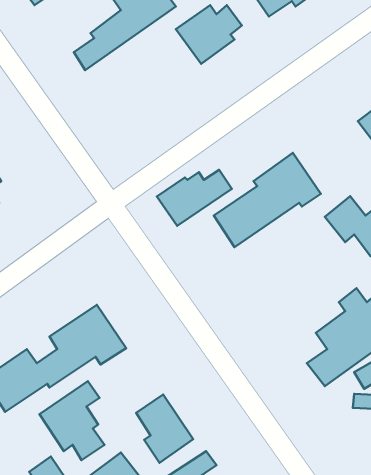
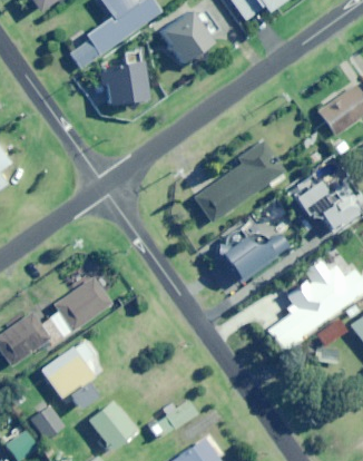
building: none -> [101,60,148,104]
building: [157,170,232,226] -> [222,229,287,278]
building: [136,395,193,463] -> none

